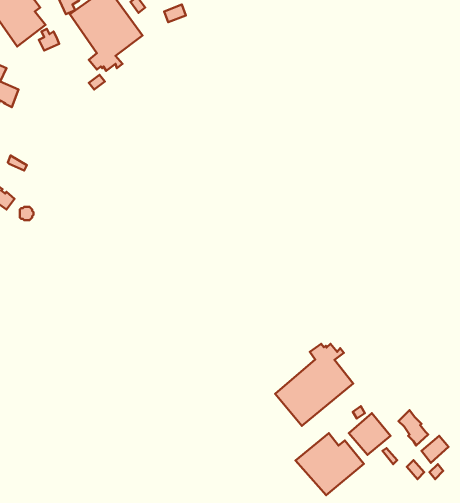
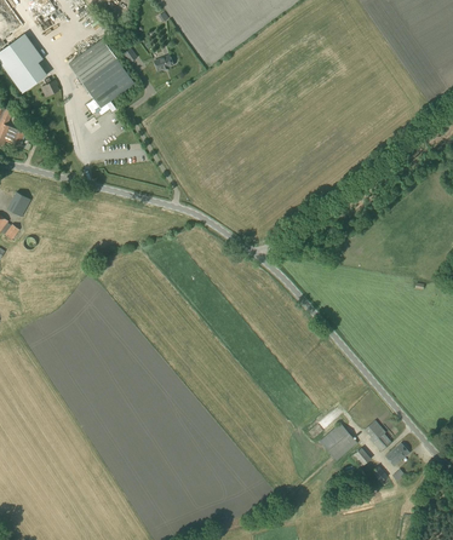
building: [275,344,353,426] -> none
building: [295,433,364,495] -> none

